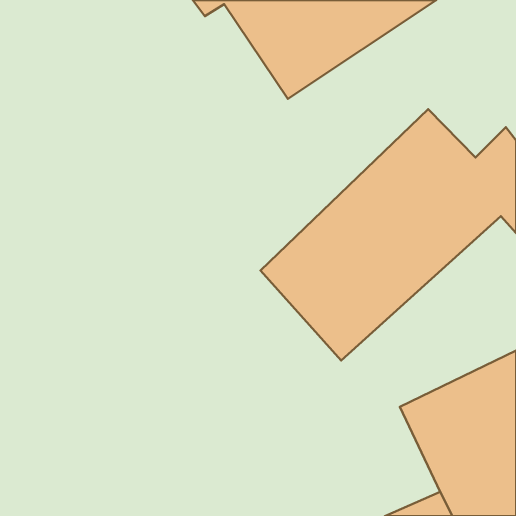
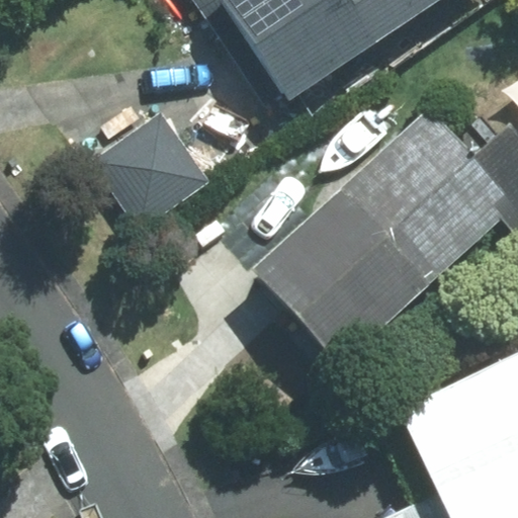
building: none -> [92,112,206,227]

